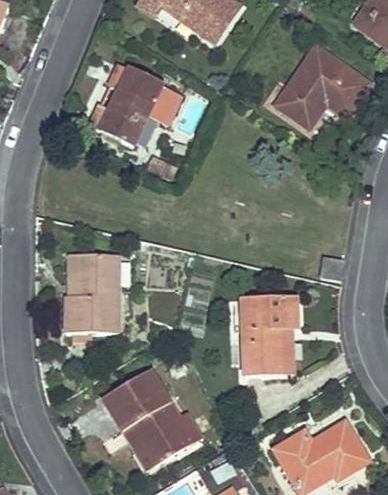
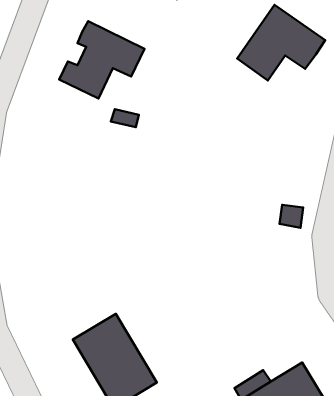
building: [65,252,117,333] -> none
building: [243,292,299,372] -> none

